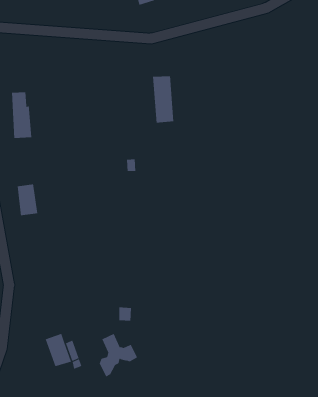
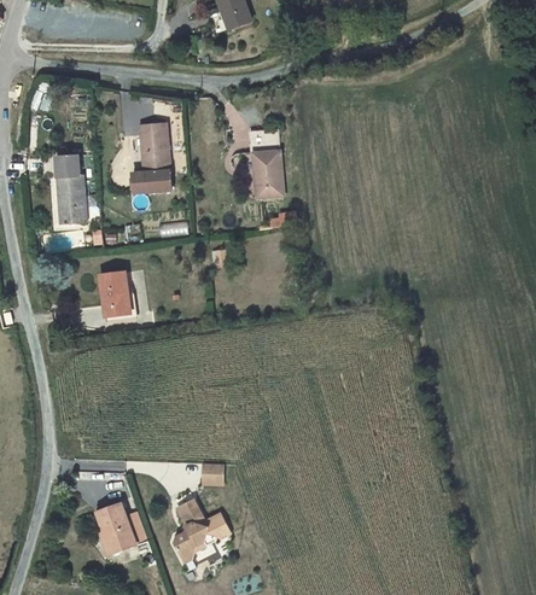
building: none -> [128,123,169,192]
building: [17,184,38,216] -> [99,270,129,316]

